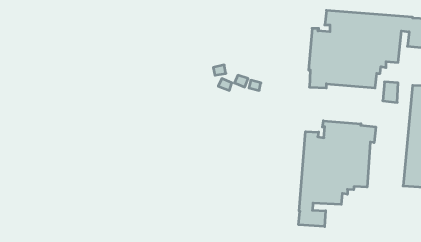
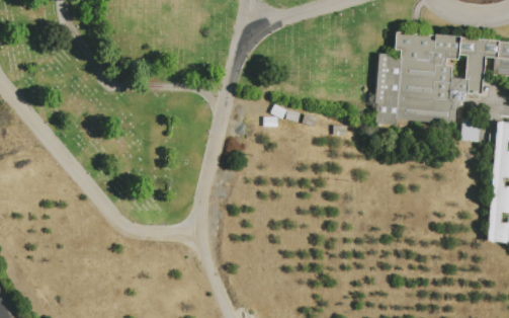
building: [299,121,376,227] -> none

